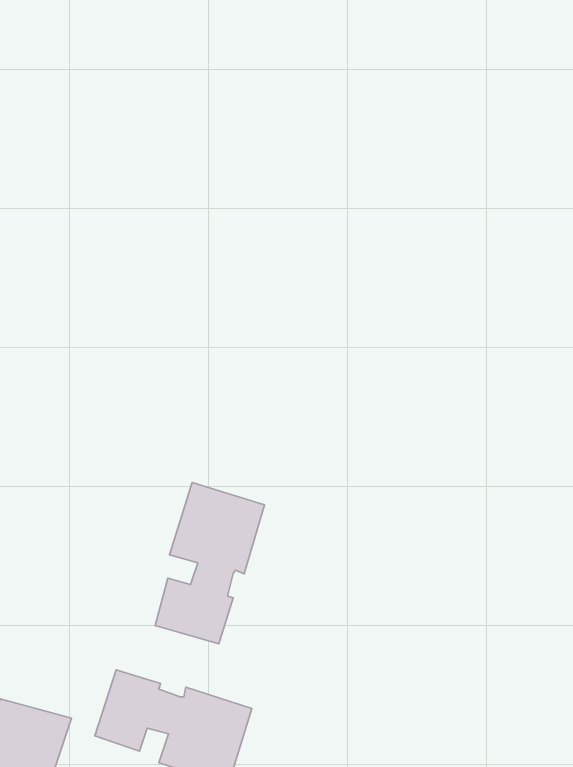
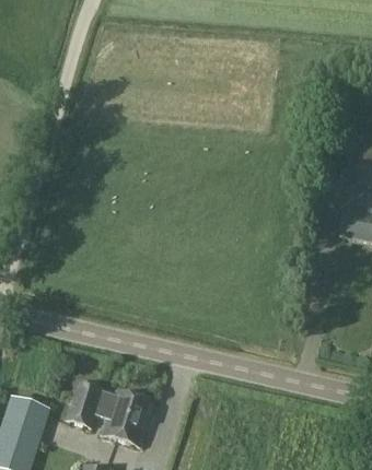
building: [155,483,264,644] -> none

